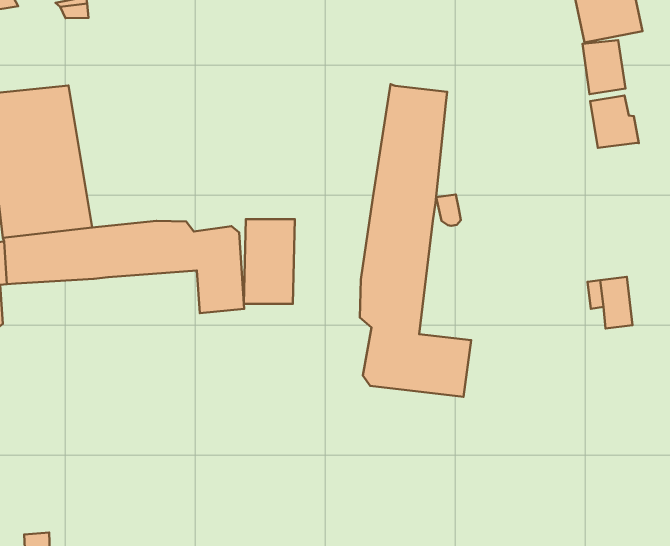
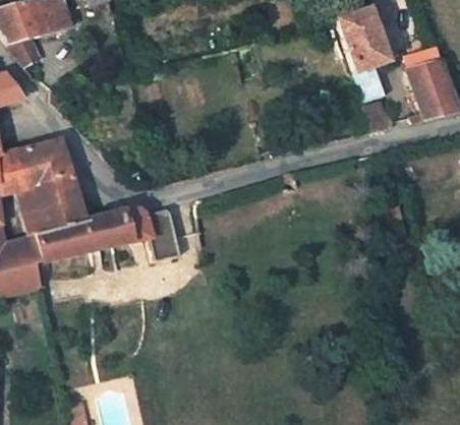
building: [360,84,471,397] -> none
building: [244,219,295,304] -> none

